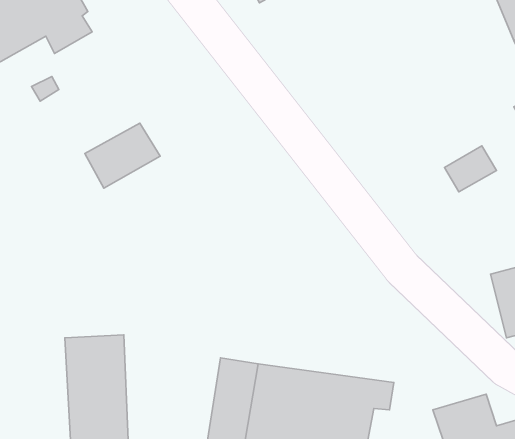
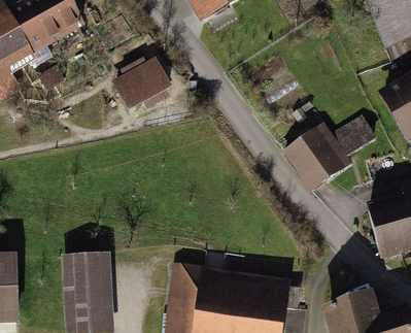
building: [85,123,160,188] -> [116,60,170,106]
building: none -> [286,128,344,187]

